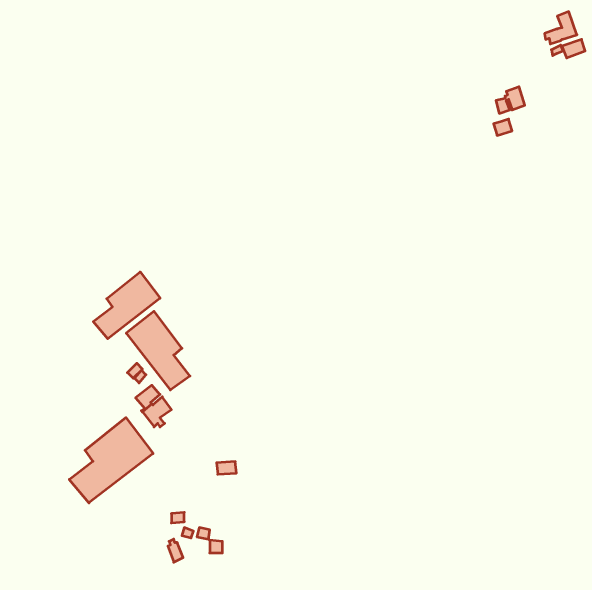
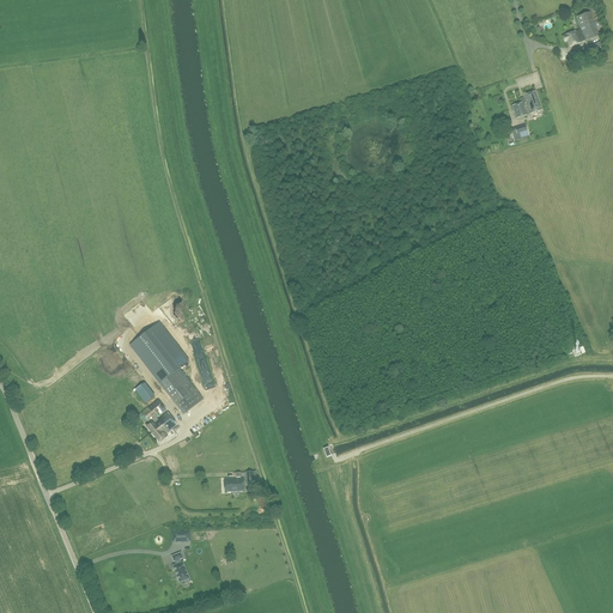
building: [93,272,160,339] -> none
building: [69,418,153,503] -> none

